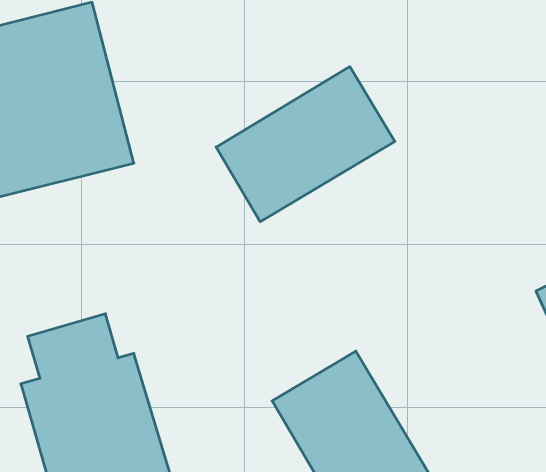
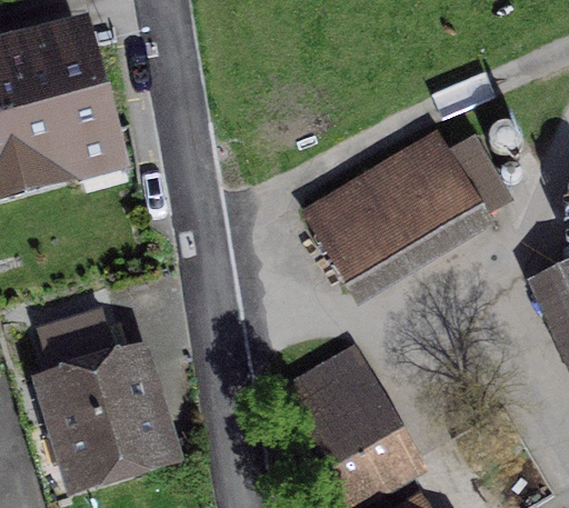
building: [216,67,395,222] -> [303,139,479,291]

